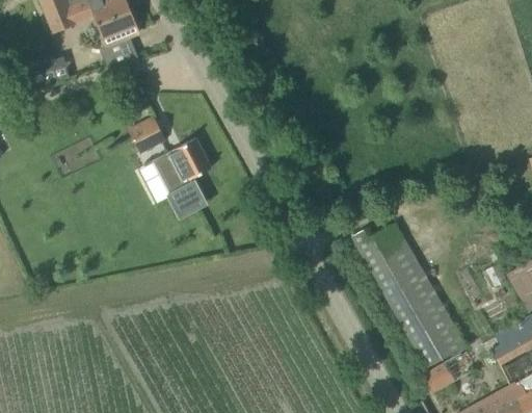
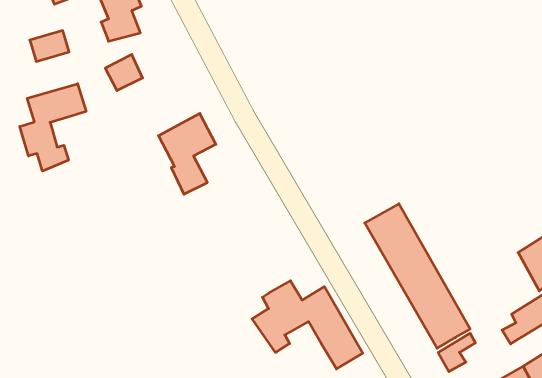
building: none -> [20,84,86,171]
building: [129,117,165,152] -> [105,54,143,91]
building: none -> [252,281,363,369]

